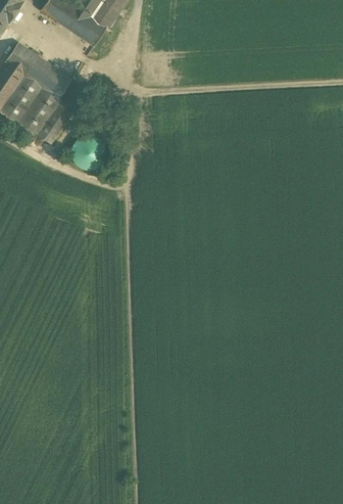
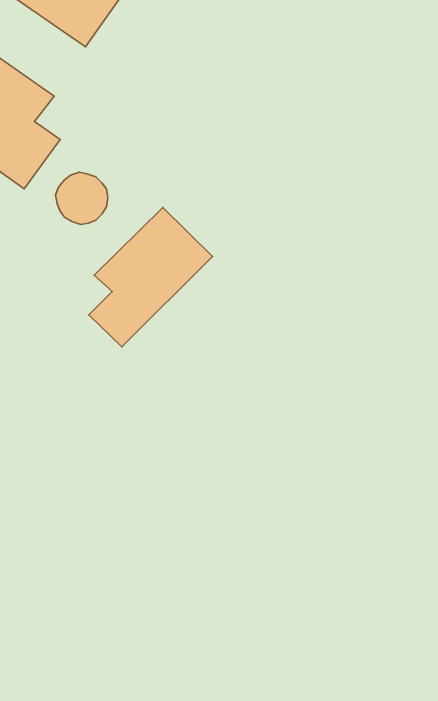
building: none -> [89,208,213,347]

